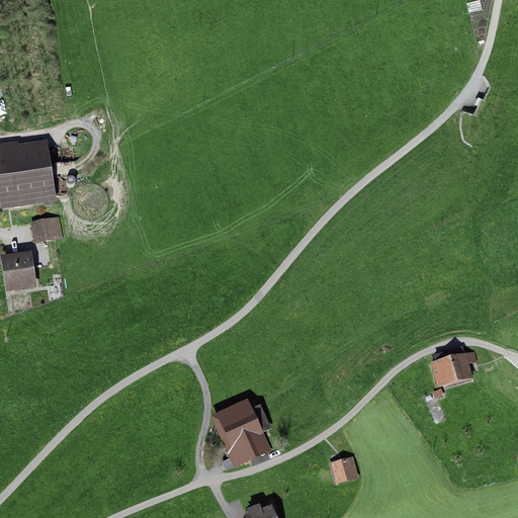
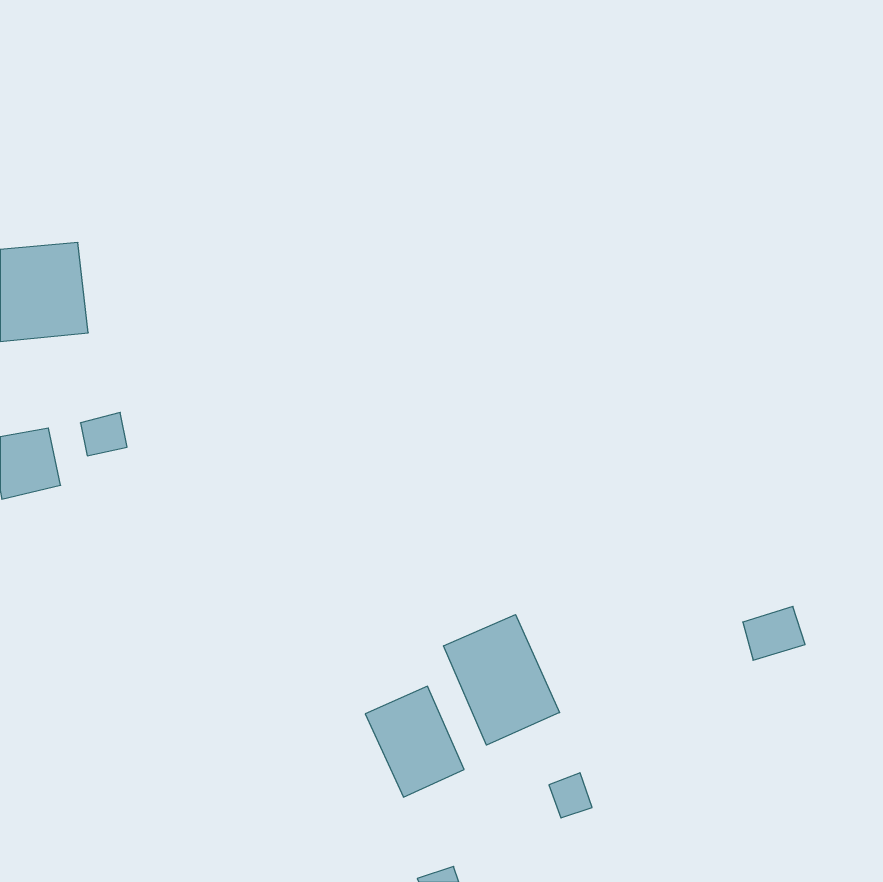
building: [29,217,57,242] -> [80,412,127,456]
building: none -> [444,615,560,745]

